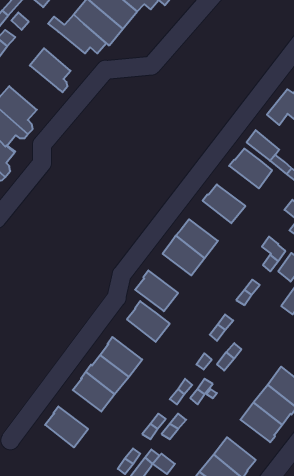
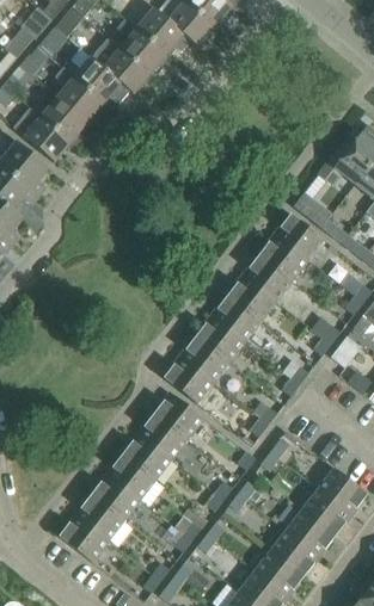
building: none -> [55,68,105,123]
building: none -> [13,107,72,162]
building: none -> [259,234,308,280]
building: none -> [227,274,276,321]
building: none -> [179,336,229,382]
building: none -> [137,413,188,459]
building: none -> [74,495,124,540]
building: none -> [271,530,321,576]

